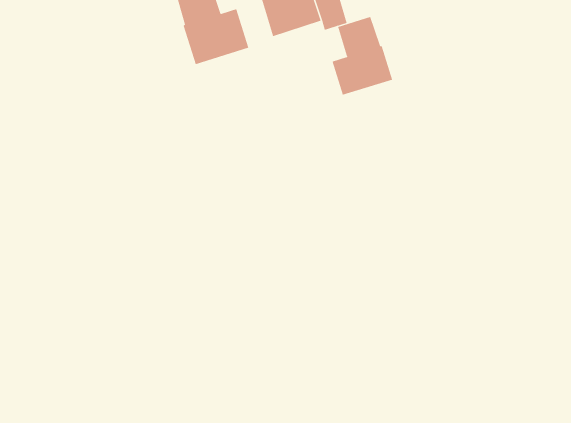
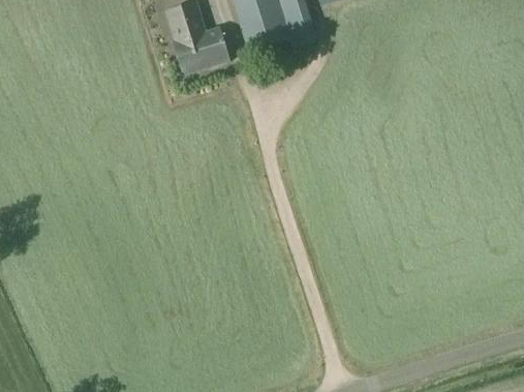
building: [332,16,393,96] -> none

